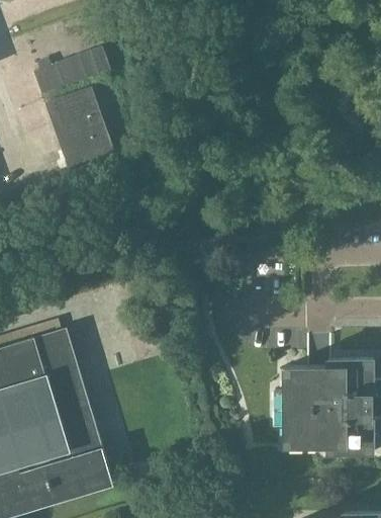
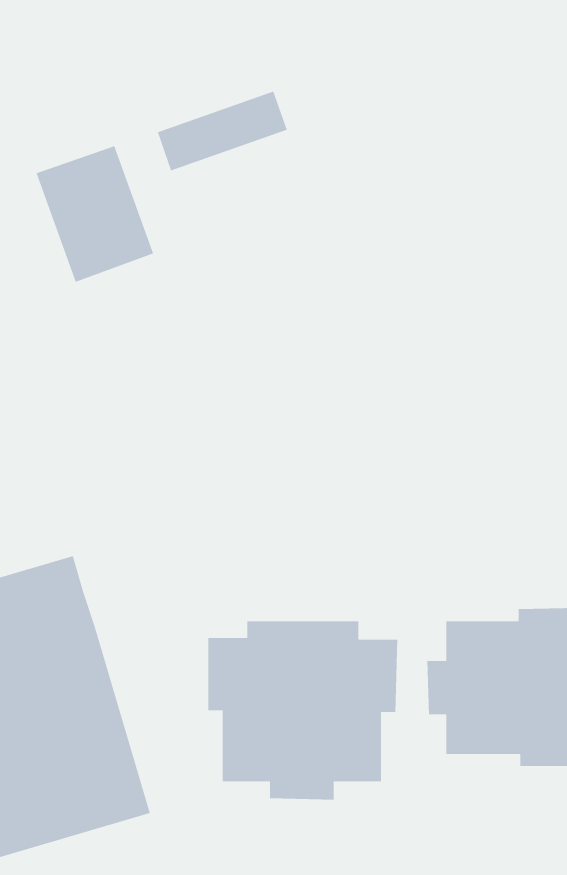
building: [33,48,110,95] -> [157,90,288,171]
building: none -> [208,621,398,800]

